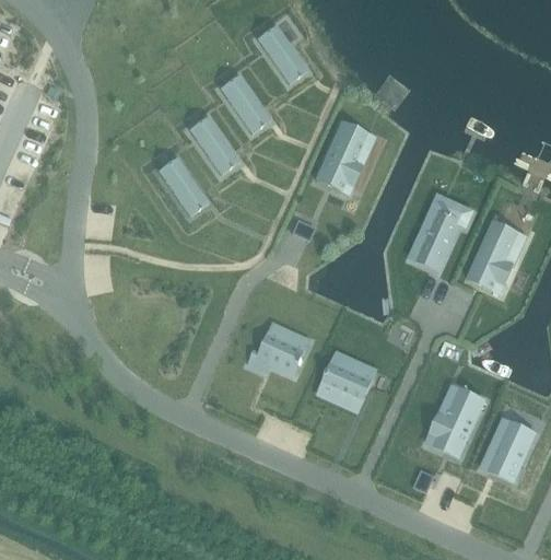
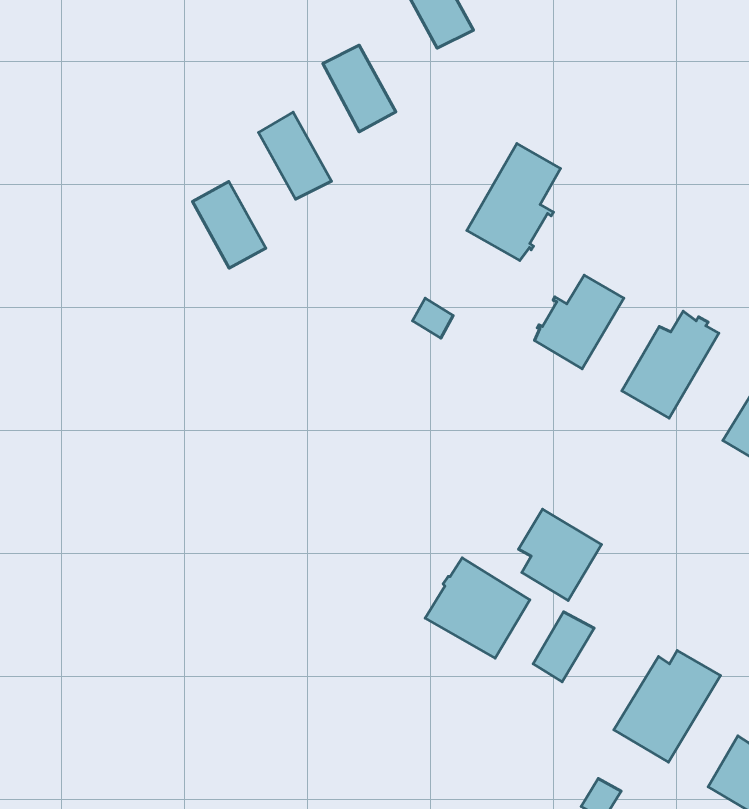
building: none -> [534,275,624,369]
building: none -> [519,509,602,601]
building: [248,327,306,371] -> none
building: none -> [533,612,594,682]

